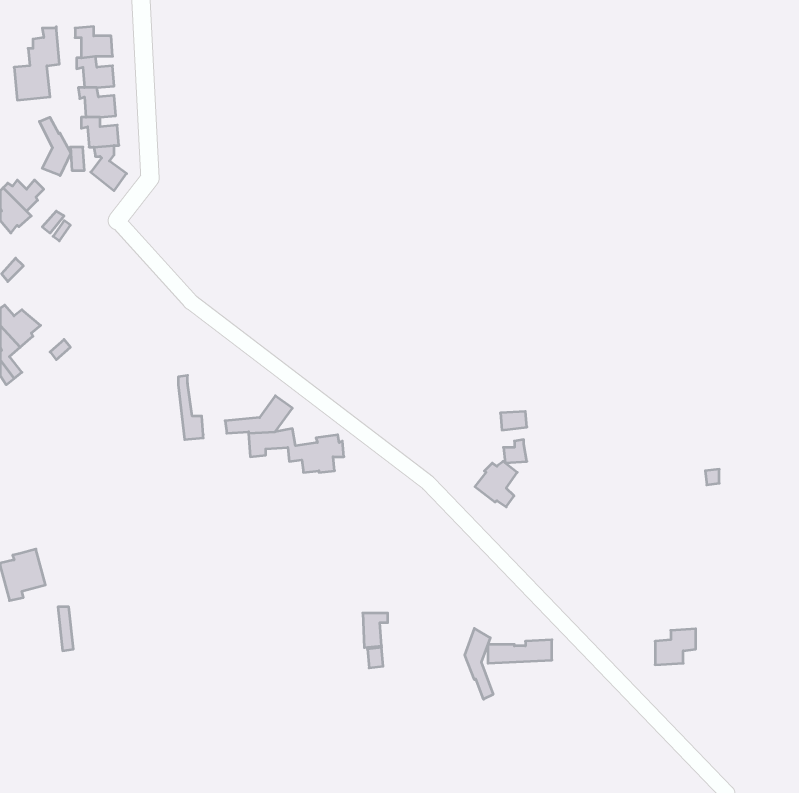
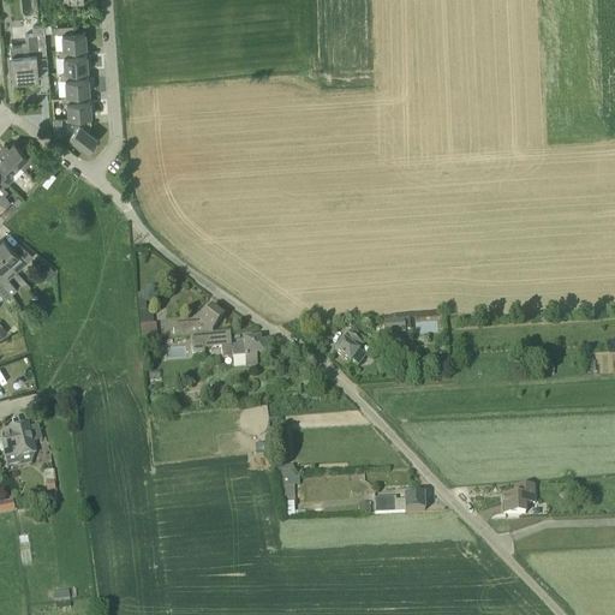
building: [39,117,71,176] -> none
building: [475,461,517,507] -> [334,328,366,363]
building: [465,628,493,699] -> none

